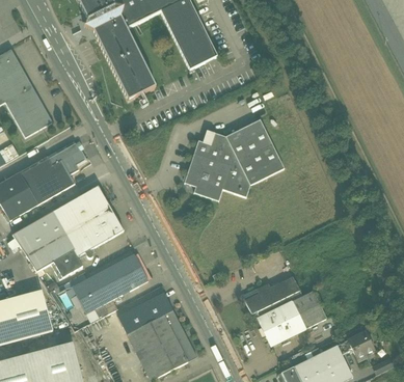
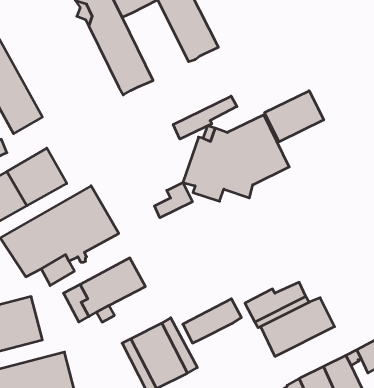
building: none -> [265,91,324,142]
building: none -> [173,96,237,139]
building: [56,140,85,174] -> none
building: none -> [154,182,192,218]
building: [117,292,172,333] -> [183,299,241,343]

